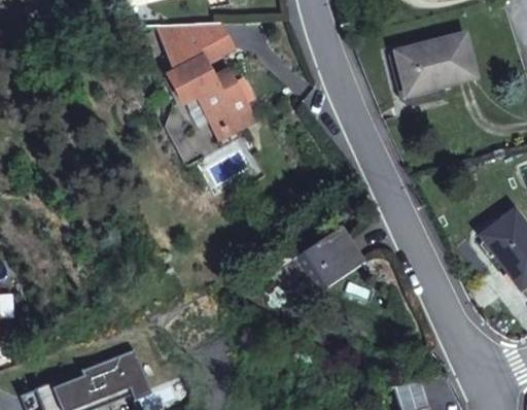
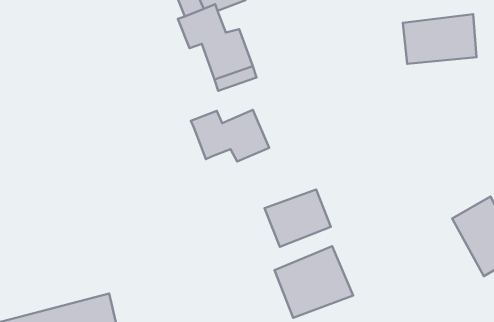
building: none -> [191,110,269,161]
building: none -> [275,246,353,318]

